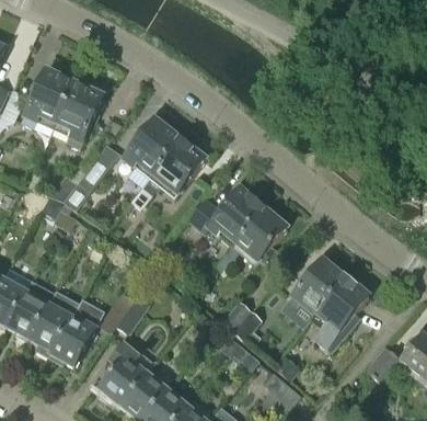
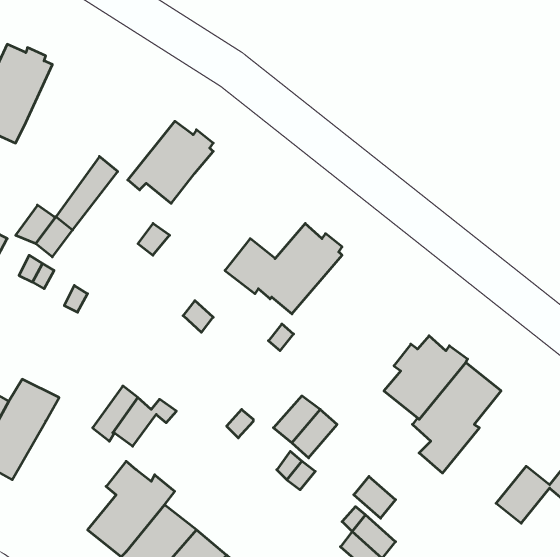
building: [56,82,103,148] -> none
building: [152,140,203,193] -> none
building: [231,208,286,266] -> none
building: [48,298,104,366] -> none

